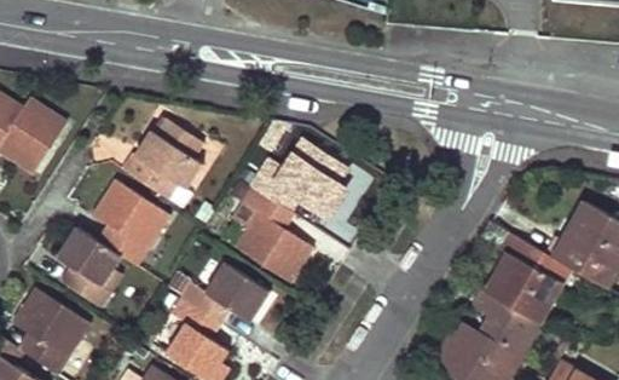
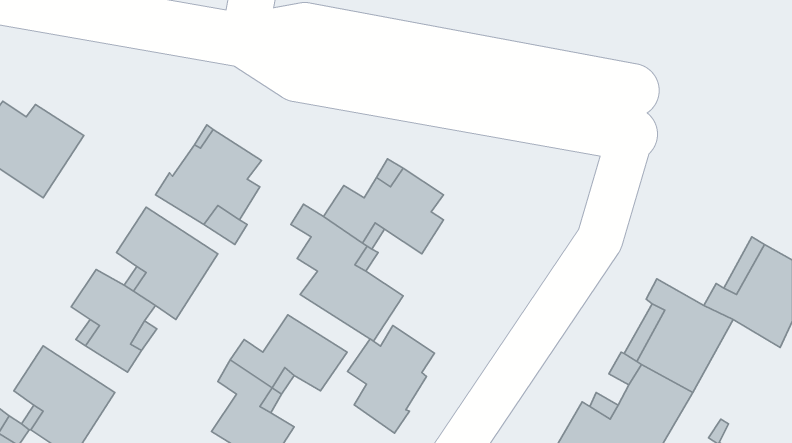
building: none -> [348,325,434,433]

